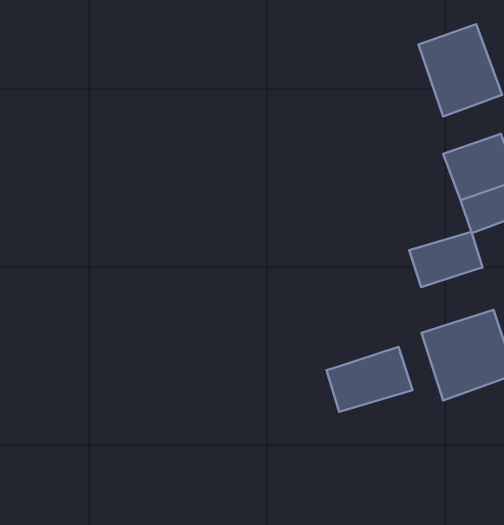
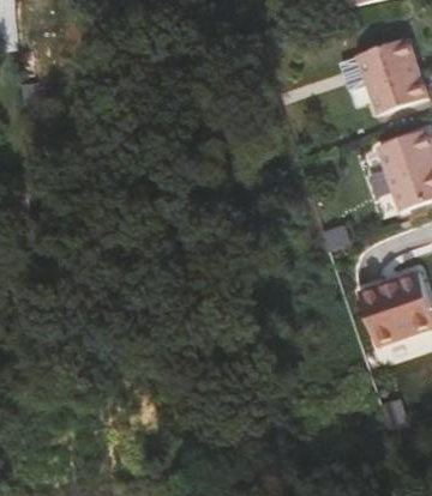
building: [409,232,483,287] -> none
building: [326,347,412,412] -> none

